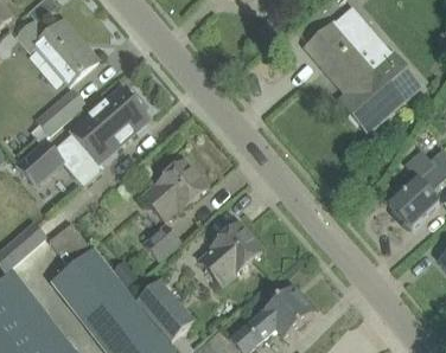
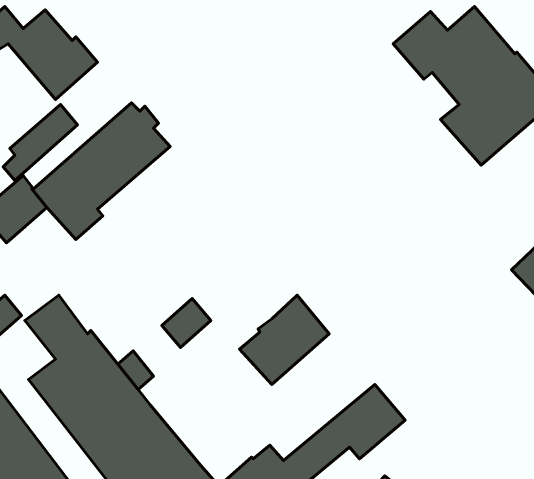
building: [142,161,206,220] -> none
building: [135,281,195,342] -> none

